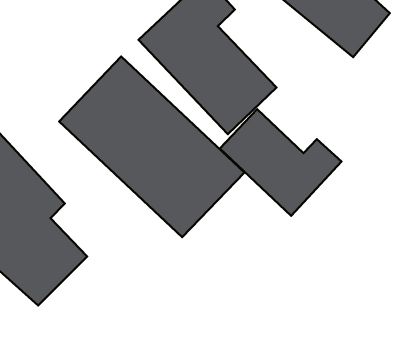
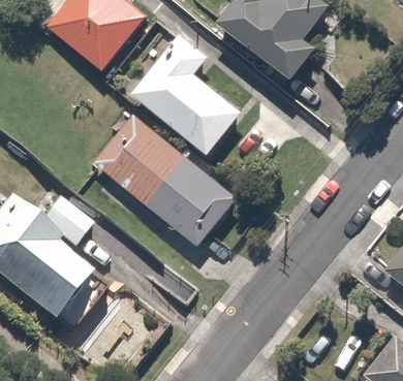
building: [220,109,342,216] -> none

